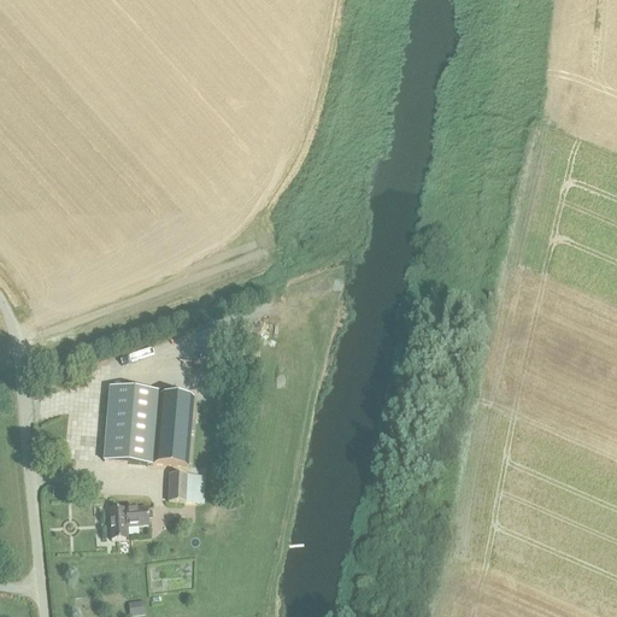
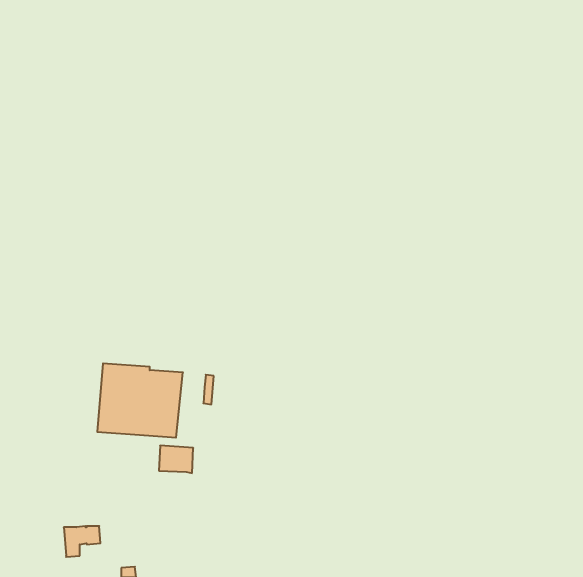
building: [108,504,147,536] -> [64,526,100,557]

